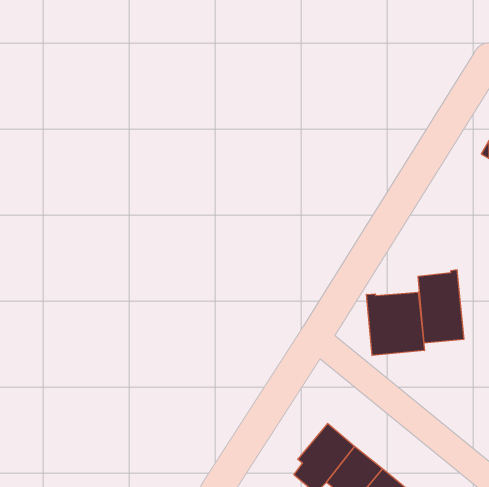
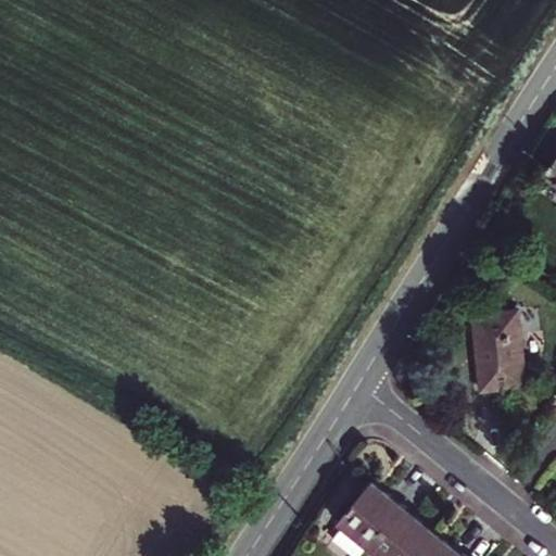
building: [366,292,424,356] -> none

